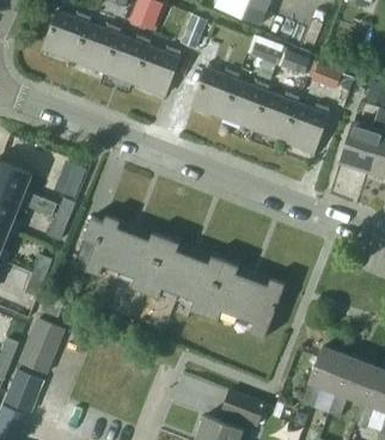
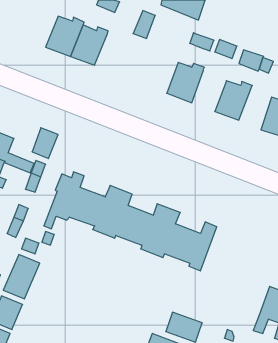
building: [43,11,88,60] -> none
building: [132,44,179,94] -> none
building: [190,68,238,117] -> none
building: [252,90,298,140] -> none
building: [302,347,349,407] -> none

